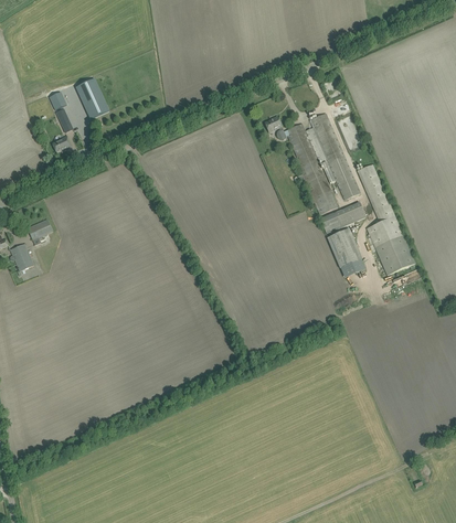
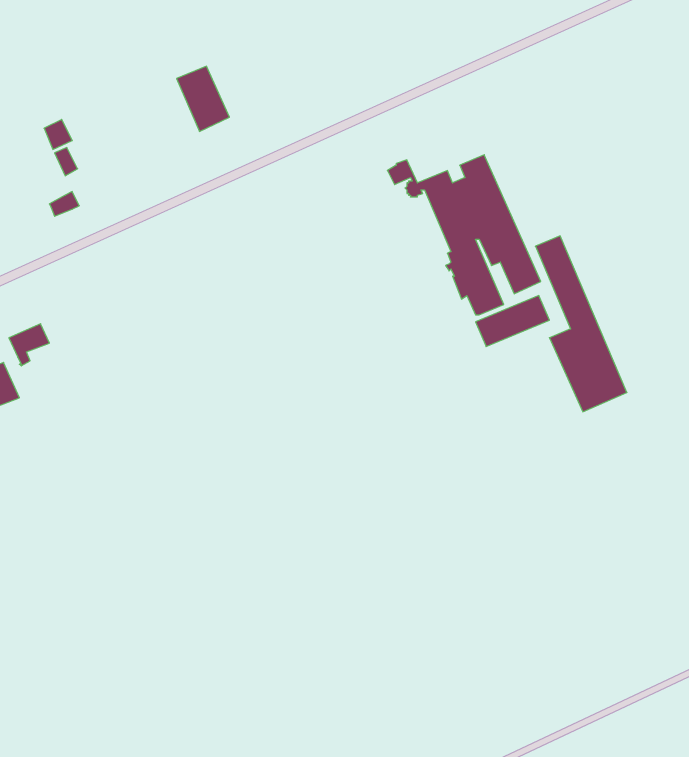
building: [76,78,109,119] -> [177,66,229,131]
building: [328,228,362,267] -> none

